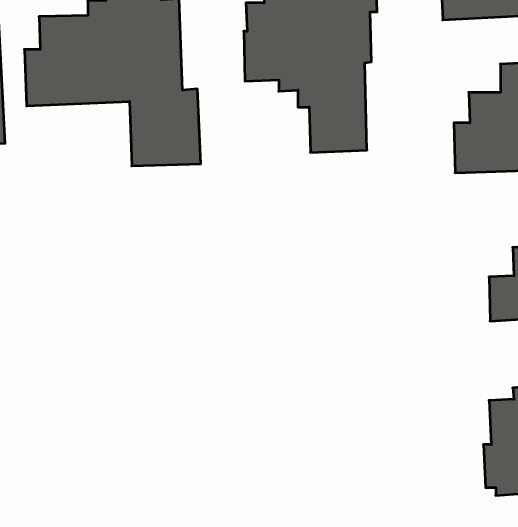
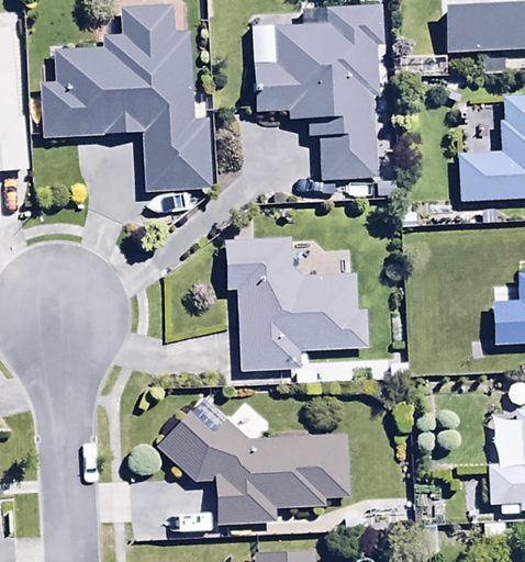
building: none -> [224,235,370,370]
building: none -> [157,390,350,525]

